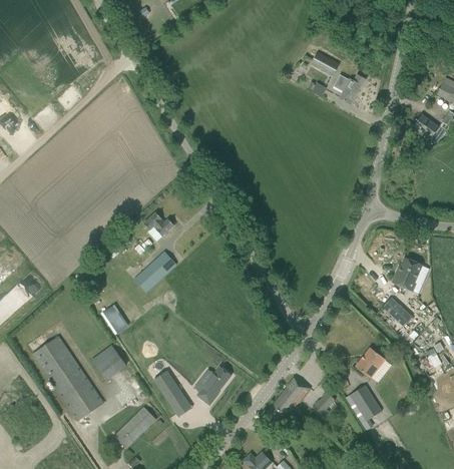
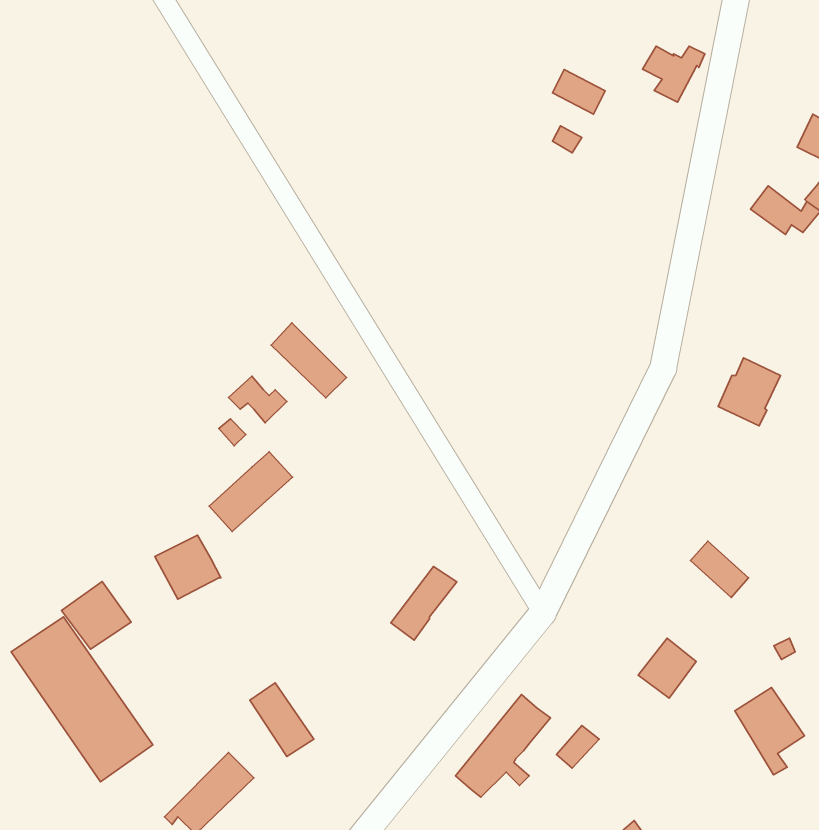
building: [333,74,365,103] -> [643,46,705,102]
building: none -> [271,323,346,398]
building: [391,256,423,291] -> [718,358,780,426]
building: [91,344,127,379] -> [61,581,131,649]
building: [198,364,233,402] -> [391,566,457,640]
building: [346,385,382,430] -> [735,687,805,775]

